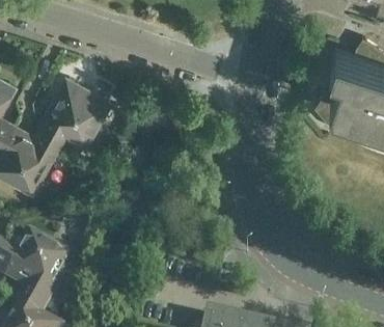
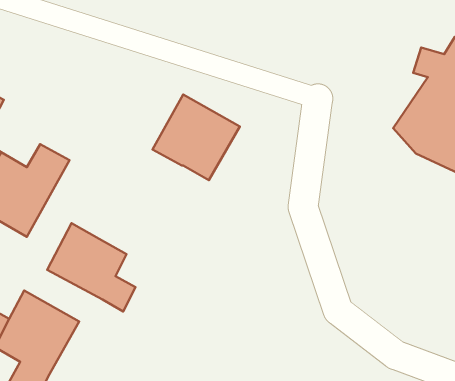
building: [40,77,108,143] -> [152,94,240,180]
building: none -> [47,223,135,311]

